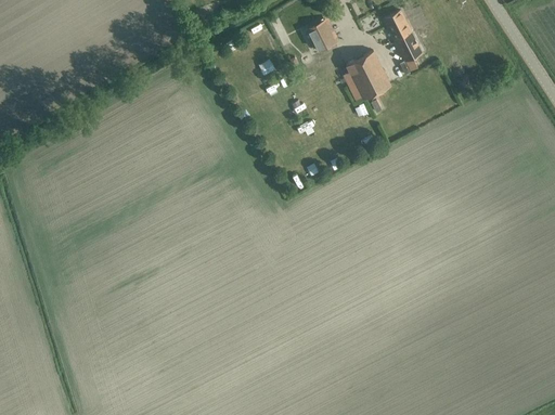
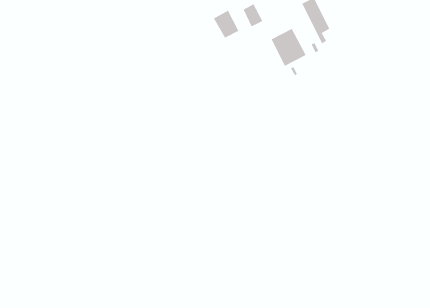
building: none -> [213,10,239,38]

